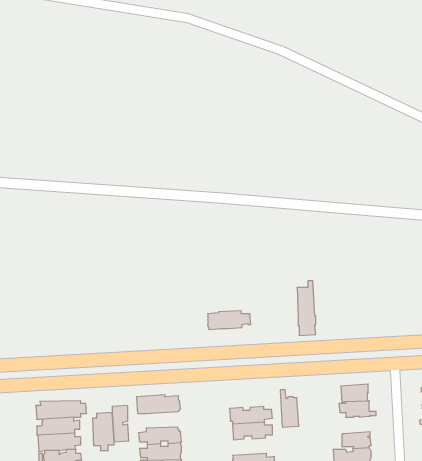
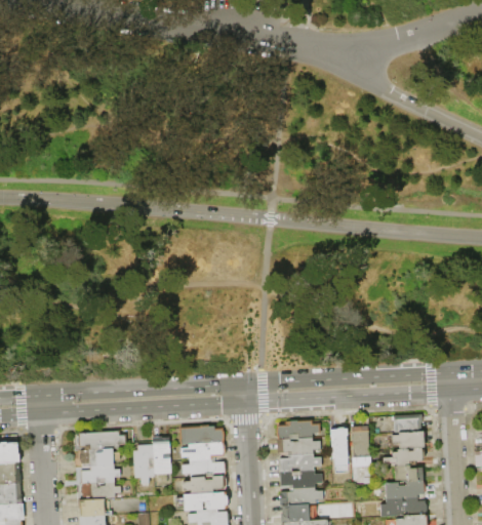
building: [297,281,316,335] -> [351,420,370,478]
building: [208,311,251,329] -> [276,421,321,441]
building: none -> [180,444,225,461]
building: none -> [381,449,424,469]
building: none -> [279,472,322,490]

